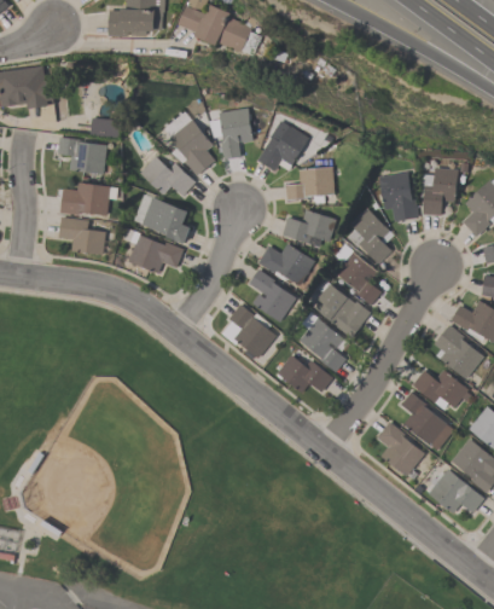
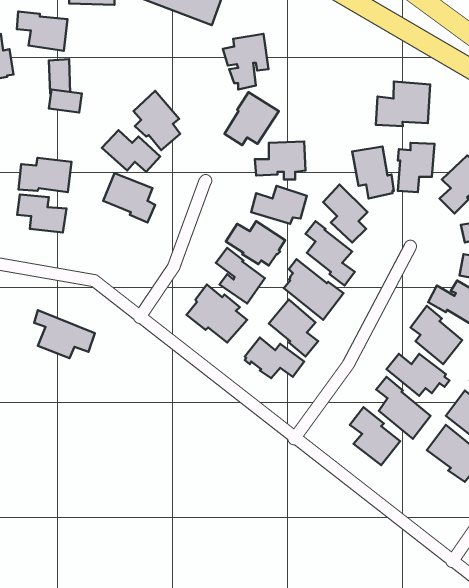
building: [209,106,252,160] -> [223,34,268,89]
building: none -> [376,82,430,126]
building: [58,137,106,174] -> [17,11,68,51]
building: [124,227,182,273] -> [34,310,95,358]
building: [429,469,484,514] -> none

